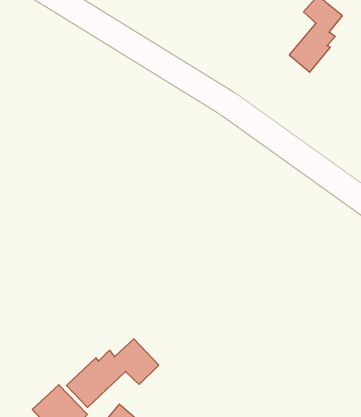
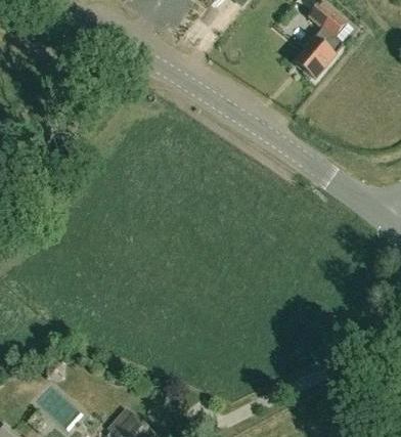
building: [67,339,159,407] -> none

